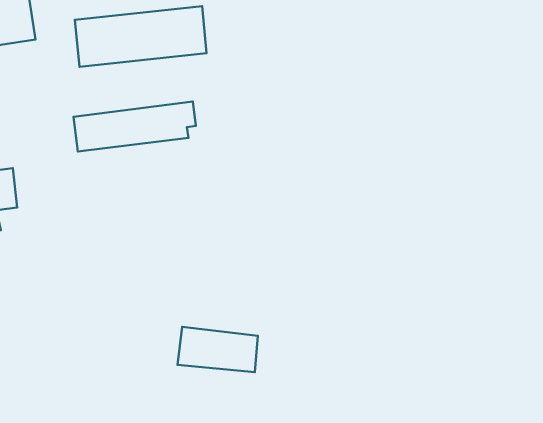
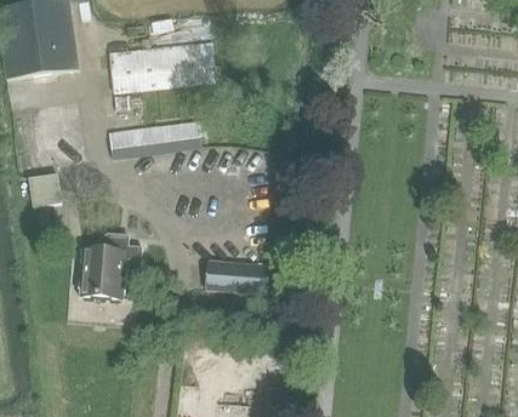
building: none -> [78,244,141,296]
building: [178,327,258,372] -> [203,258,267,295]

